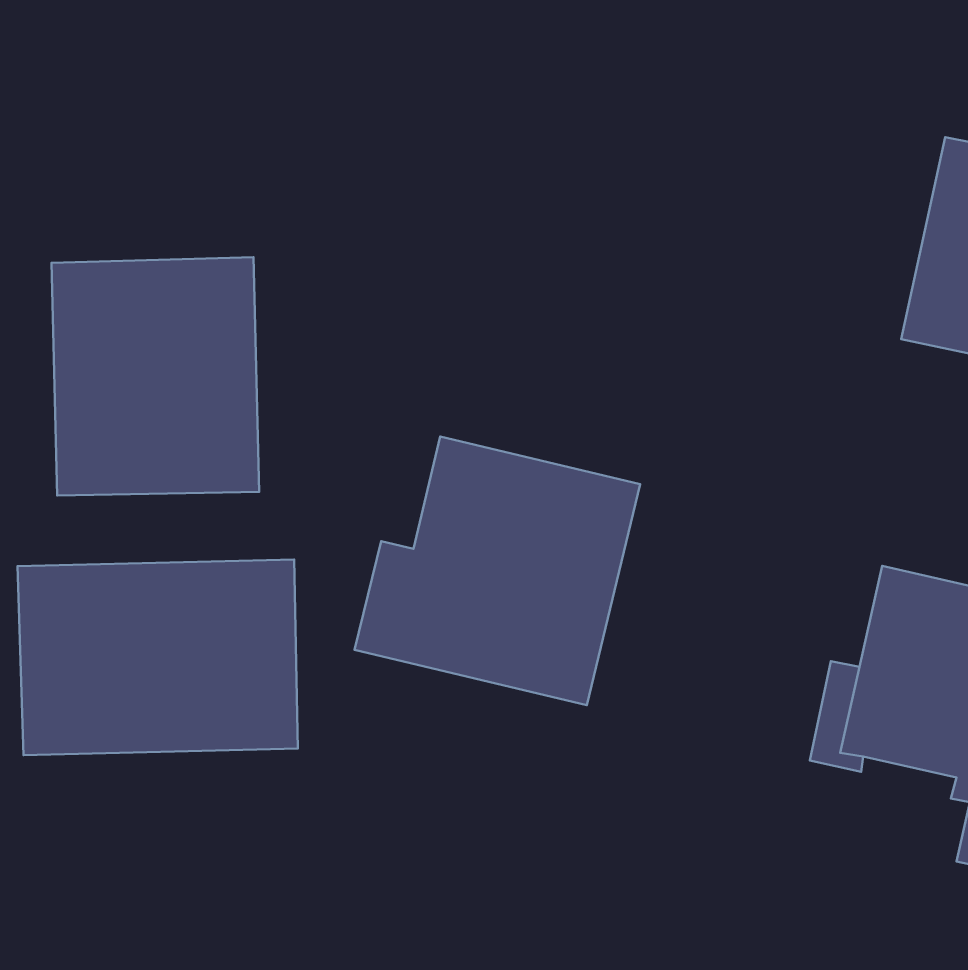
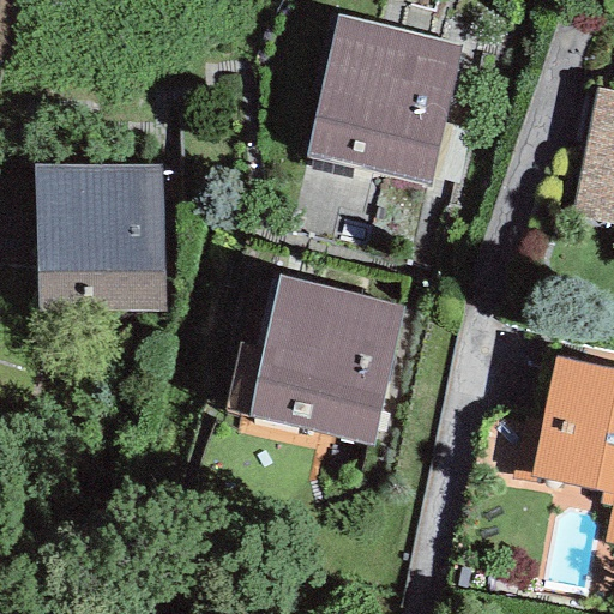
building: none -> [307,13,464,183]
building: [18,559,298,755] -> none

